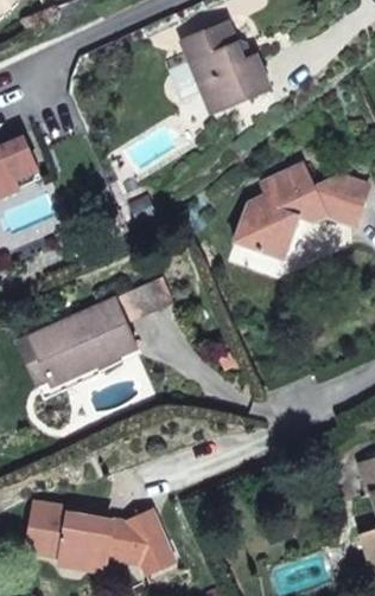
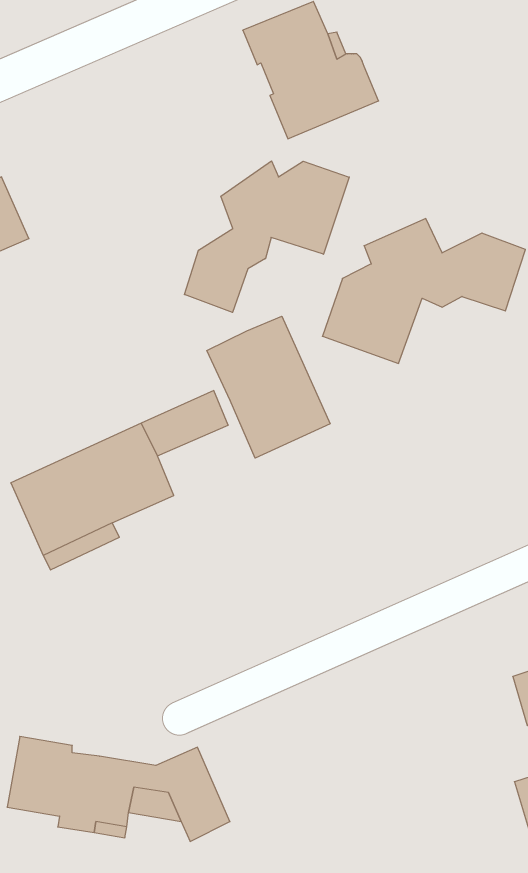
building: none -> [184,161,349,312]
building: none -> [207,316,330,458]

